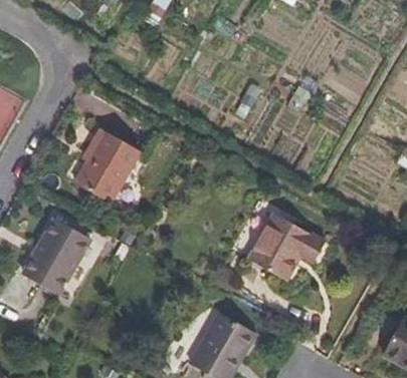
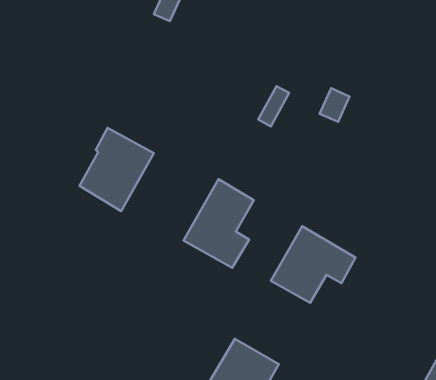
building: none -> [183,179,254,268]
building: [26,218,91,291] -> none

